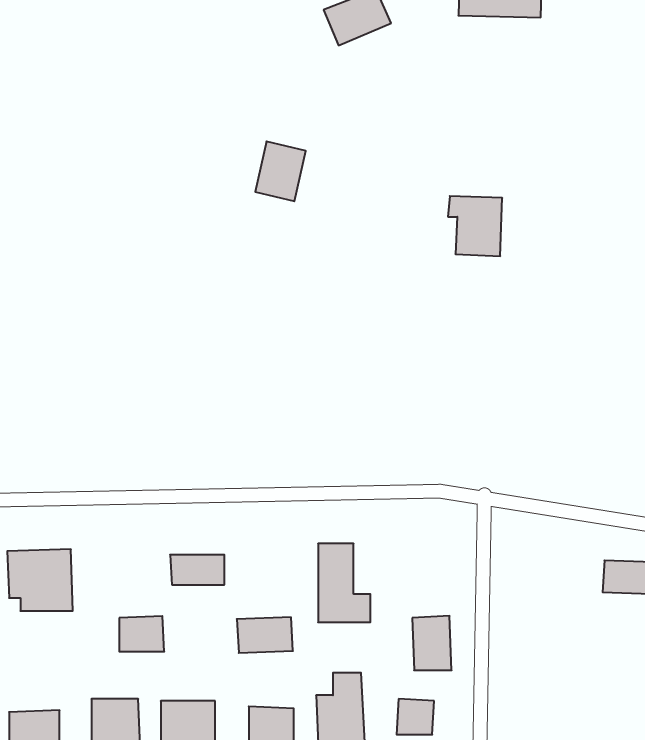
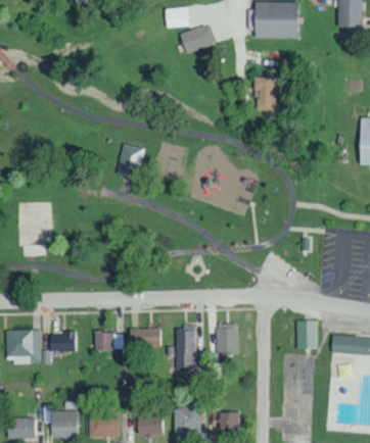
building: [255,141,306,201] -> [118,144,145,177]
building: [448,196,502,256] -> [253,79,283,111]
building: none -> [296,321,318,349]
building: [412,616,452,670] -> [217,324,238,353]
building: [119,616,164,652] -> [51,332,76,351]
building: [237,617,293,653] -> [130,328,160,347]

